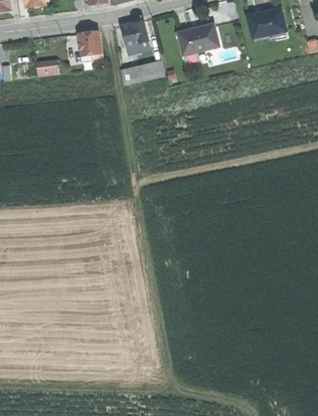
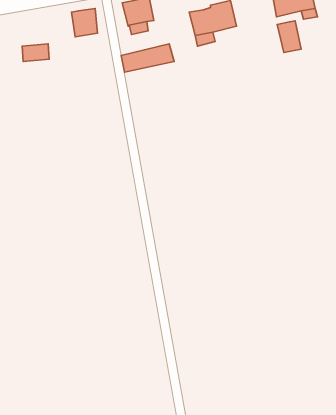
building: none -> [277,21,301,52]

